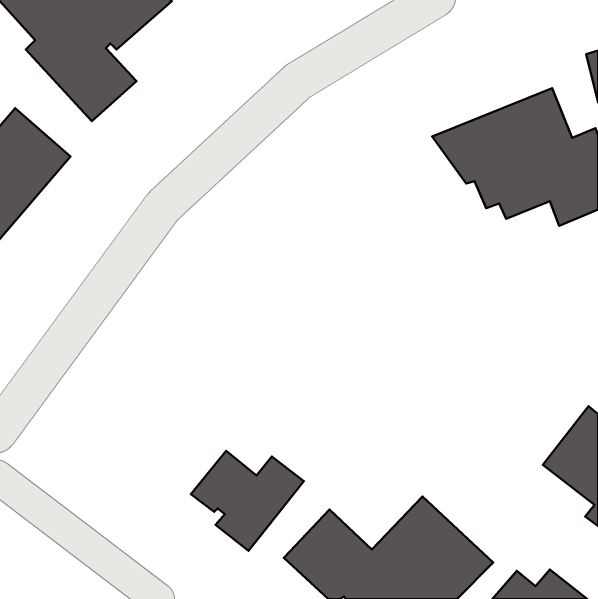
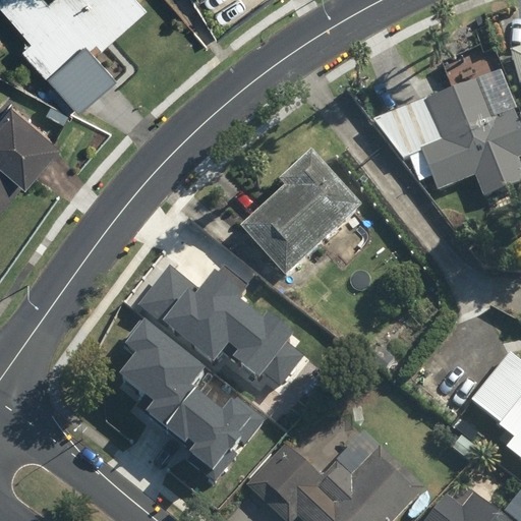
building: none -> [242,151,365,278]
building: none -> [140,262,305,386]
building: none -> [117,319,205,427]

